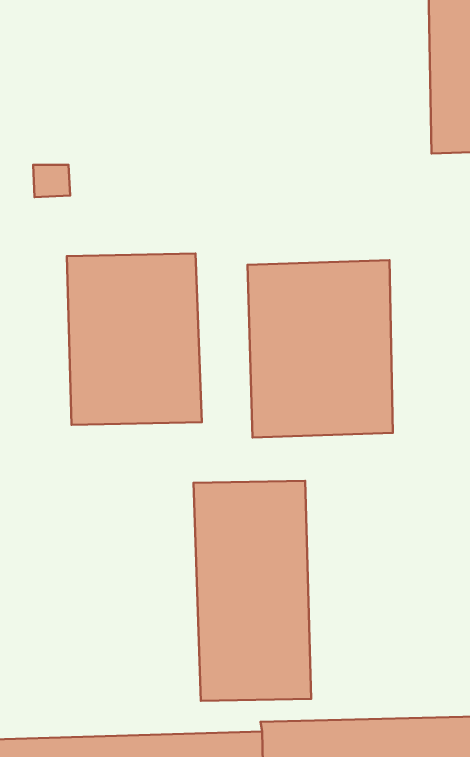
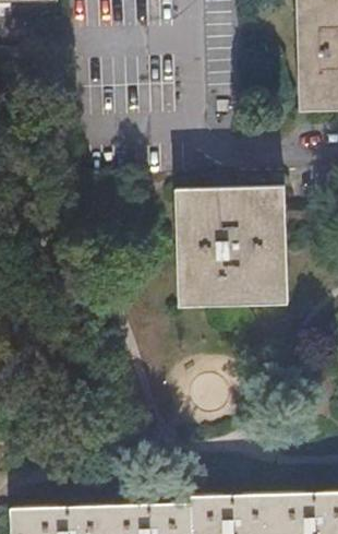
building: [67,253,202,425] -> none
building: [193,481,311,701] -> none

